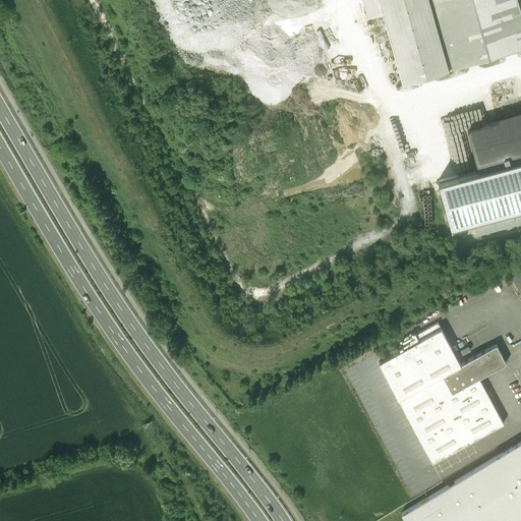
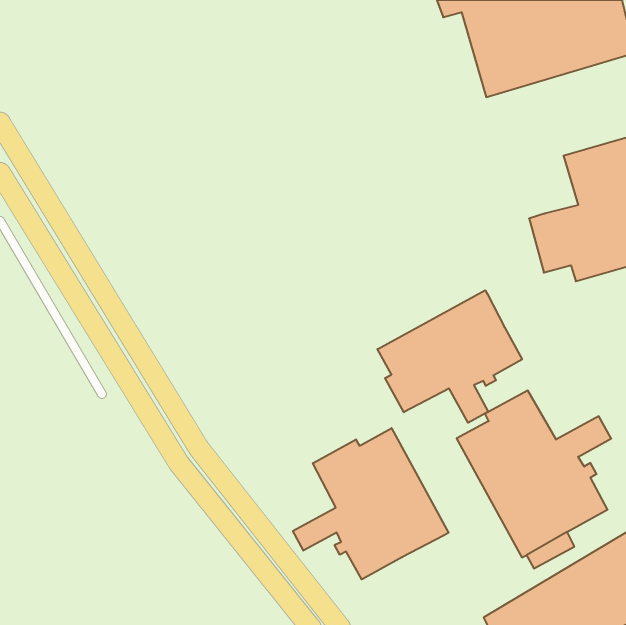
building: none -> [377,290,522,423]
building: none -> [293,428,449,579]

